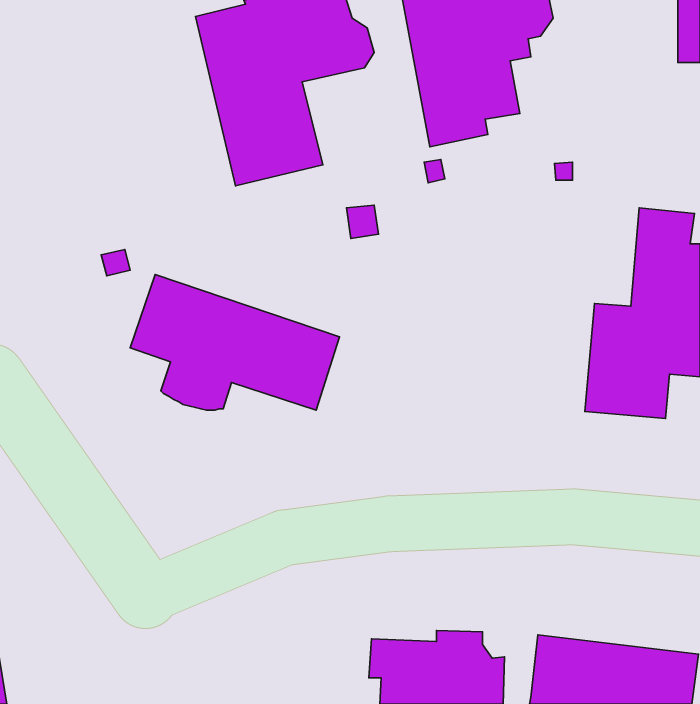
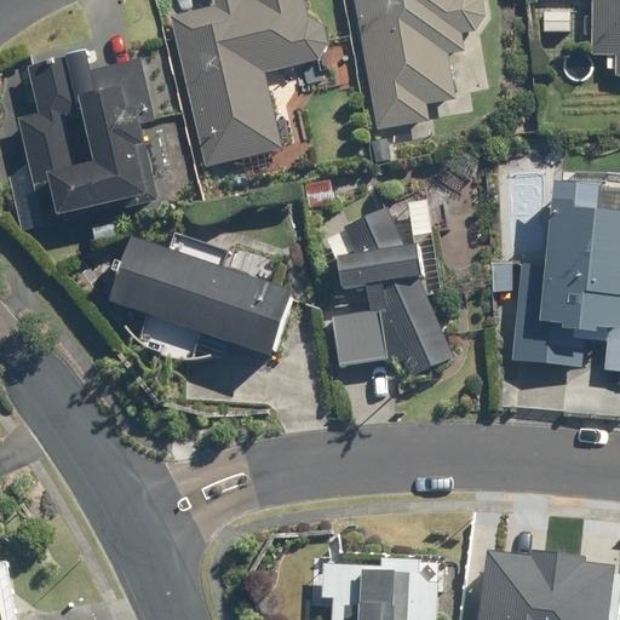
building: none -> [18,53,159,225]
building: none -> [332,208,452,375]

